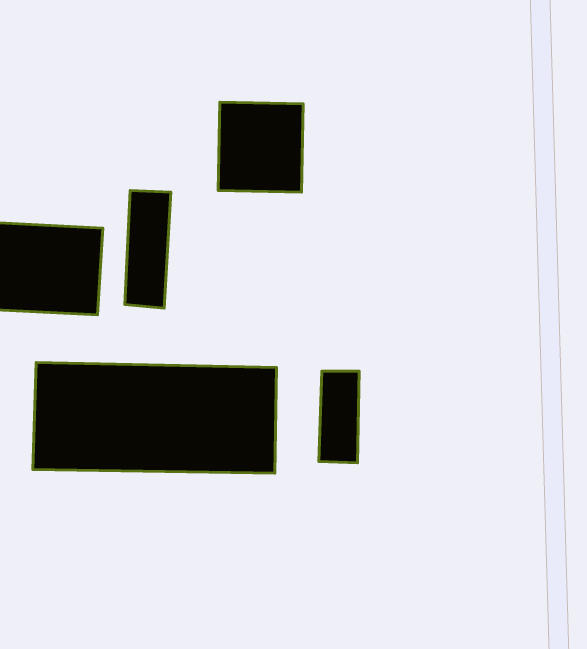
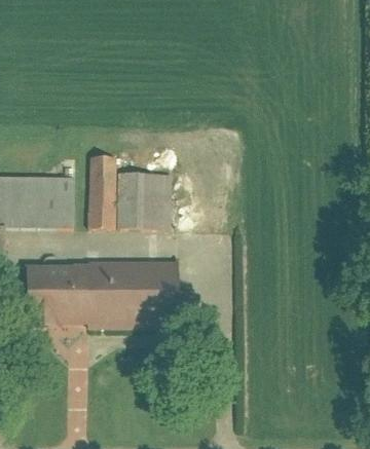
building: [218,102,303,192] -> [119,173,171,227]
building: [319,371,359,463] -> none

